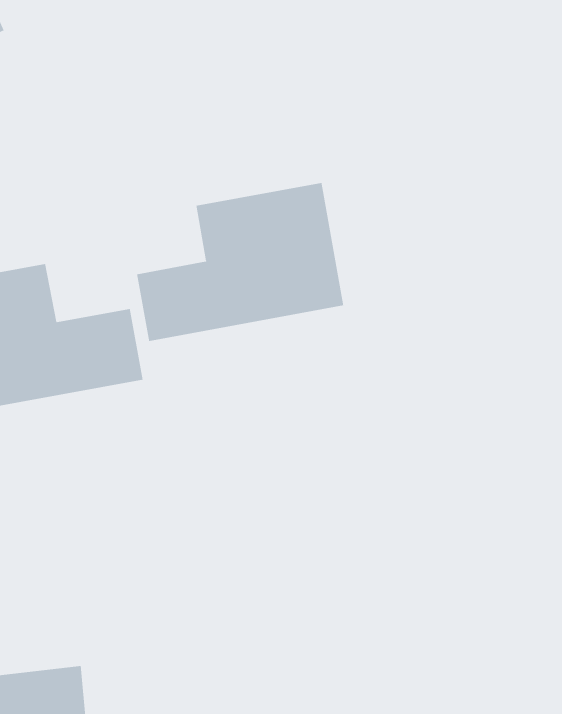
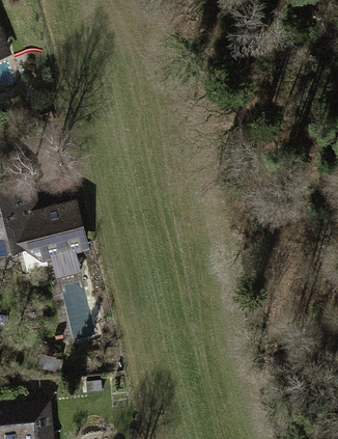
building: [136,182,344,342] -> none

